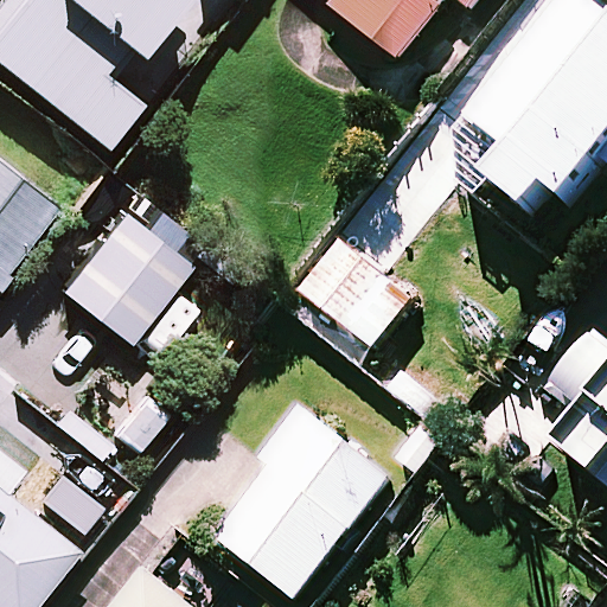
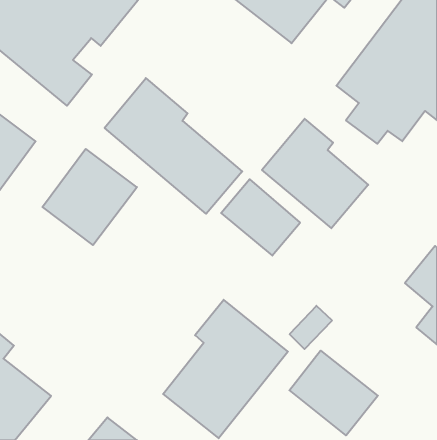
building: none -> [105,78,242,214]
building: none -> [262,119,368,228]
building: none -> [289,351,378,435]

